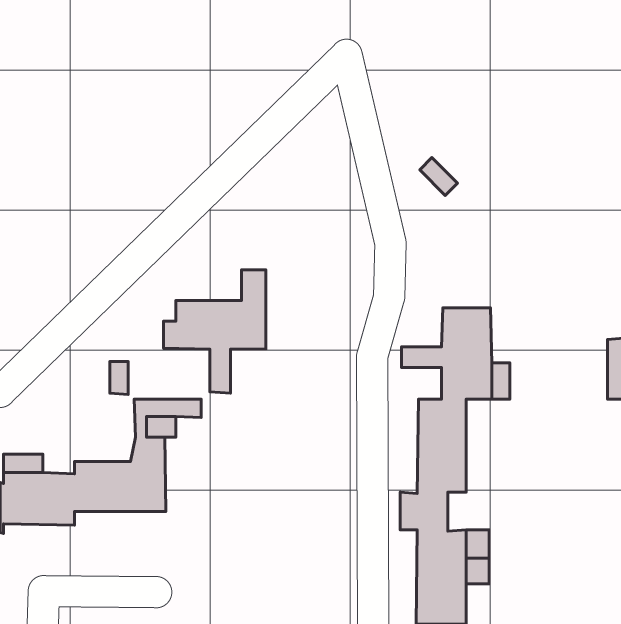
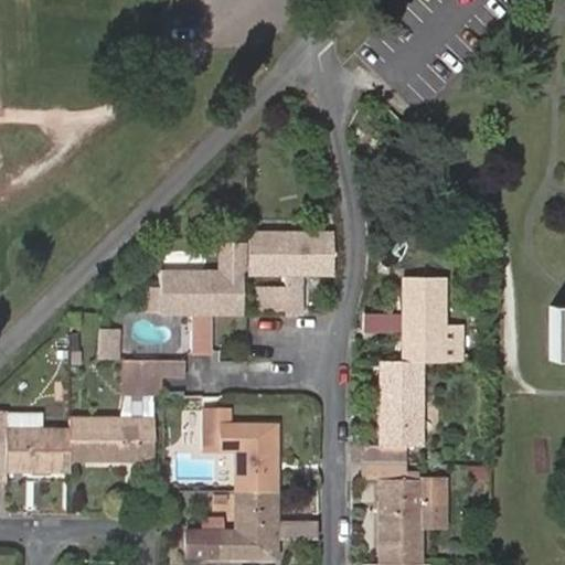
building: none -> [249,232,332,316]
building: none -> [184,406,318,559]

